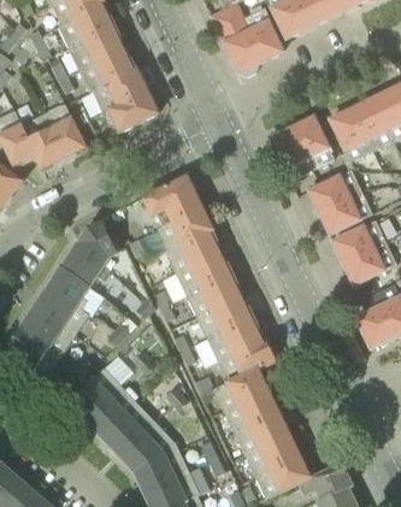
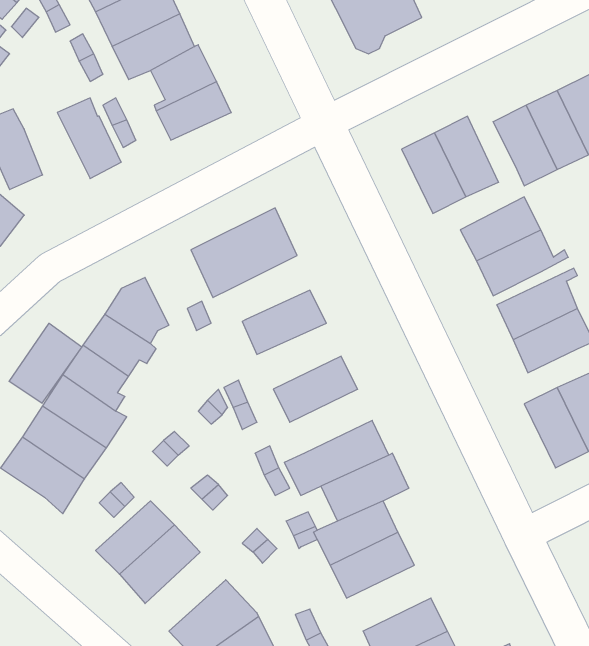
building: [22,113,65,169] -> none
building: [158,207,212,249] -> none
building: none -> [9,323,82,403]
building: [175,252,230,295] -> none
building: [196,295,250,337] -> none
building: [101,402,154,454] -> none
building: [234,411,289,454] -> none

